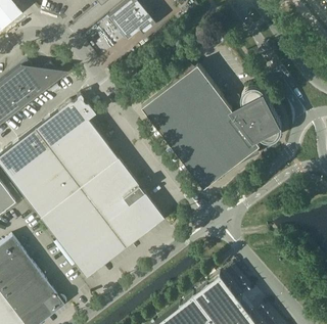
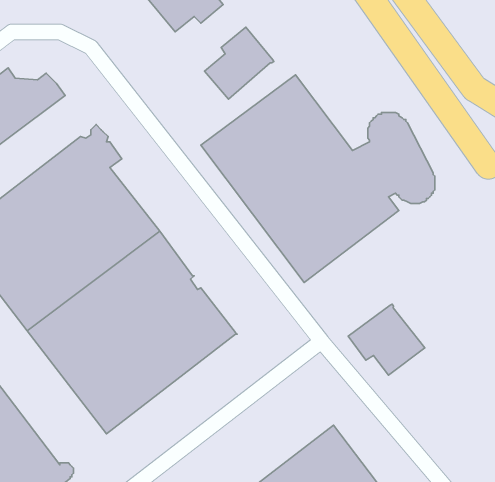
building: none -> [205,27,274,99]
building: none -> [348,304,425,375]

